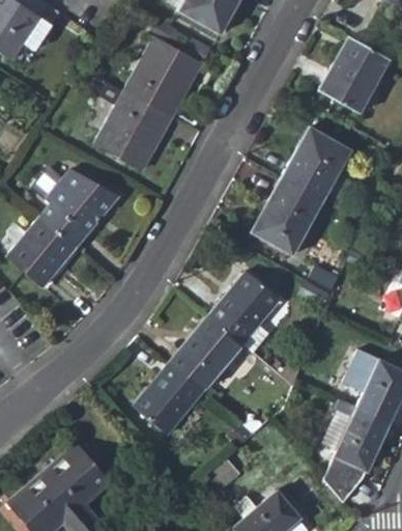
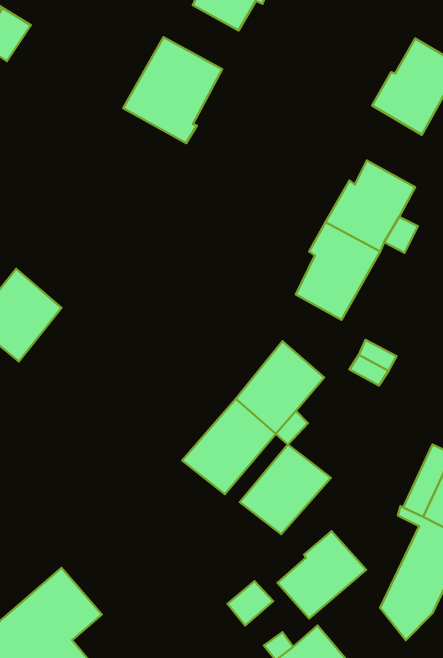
building: [95,90,173,169] -> none
building: [39,169,117,245] -> none
building: [133,363,203,432] -> [240,444,331,534]
building: none -> [278,531,366,618]

